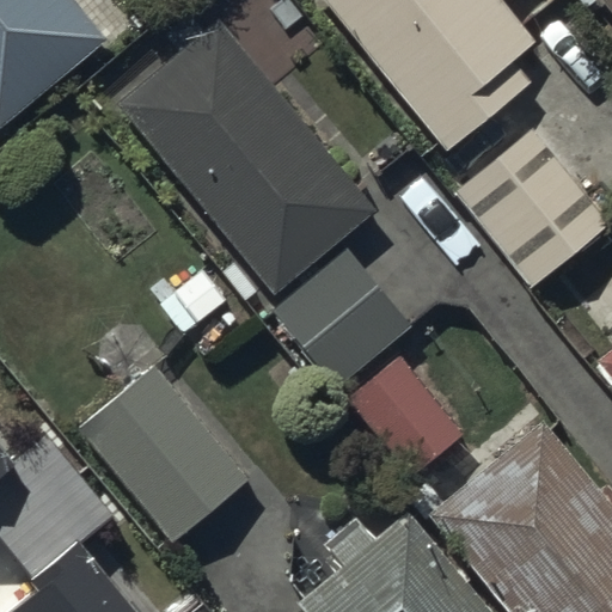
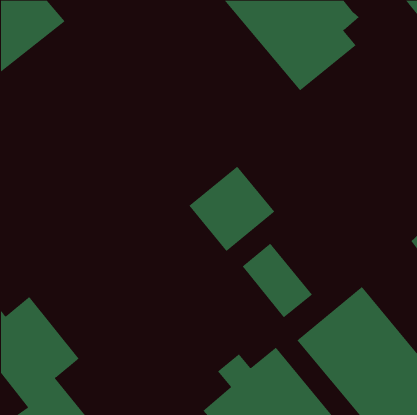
building: [136,43,372,293] -> none
building: [458,128,606,280] -> none
building: [85,366,246,536] -> none

